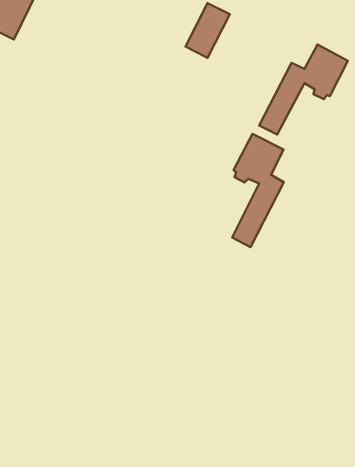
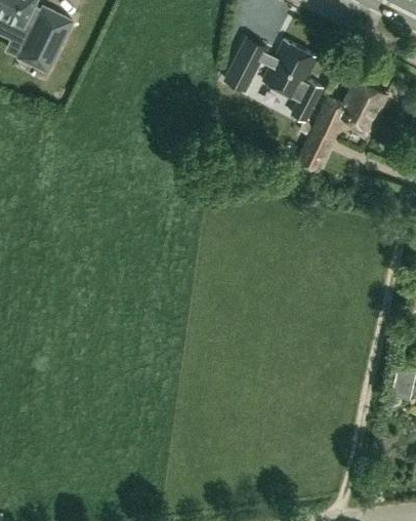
building: none -> [265,42,321,122]
building: [232,134,284,247] -> none

